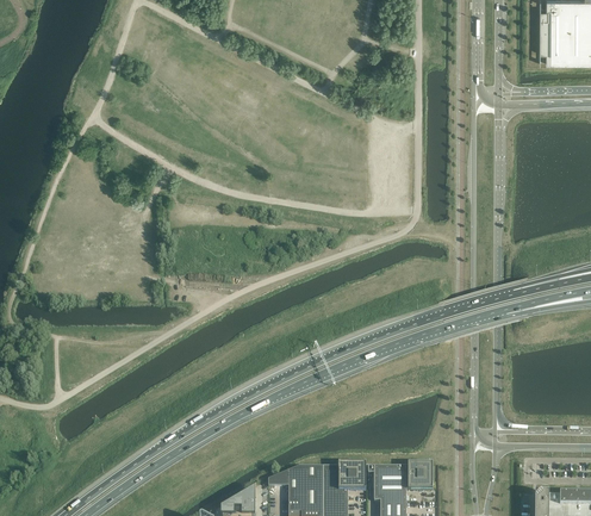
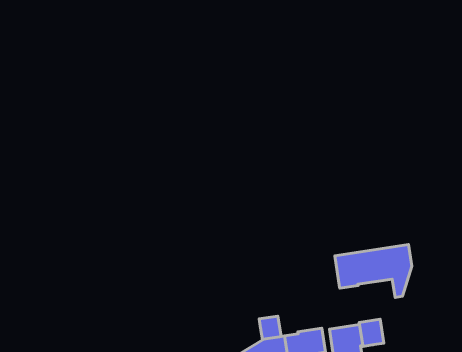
building: none -> [335,245,412,297]
building: none -> [259,316,281,339]

